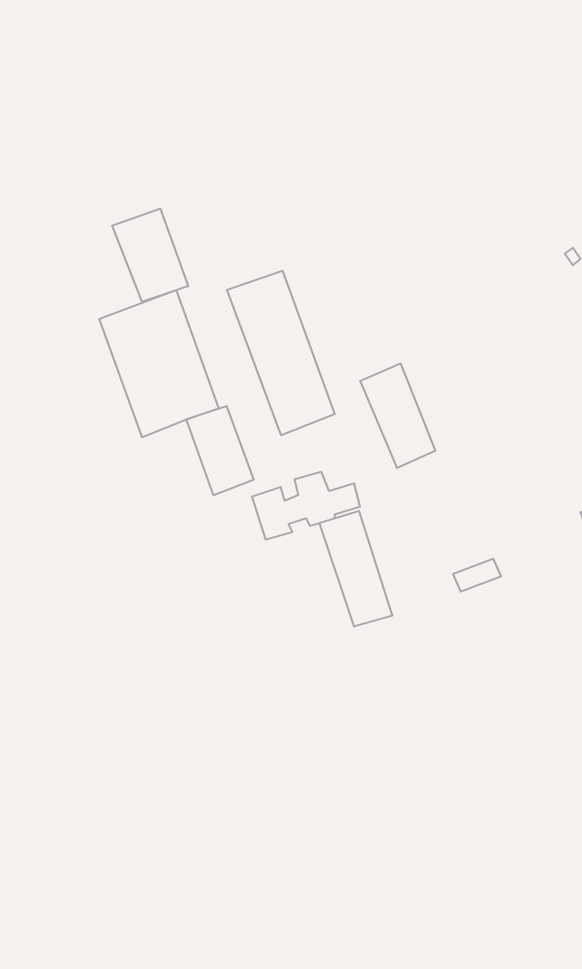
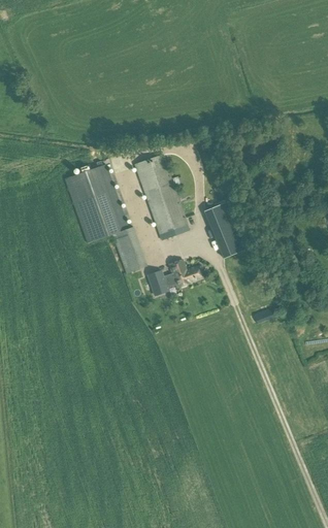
building: [112,208,188,302] -> none
building: [320,511,392,627] -> none

